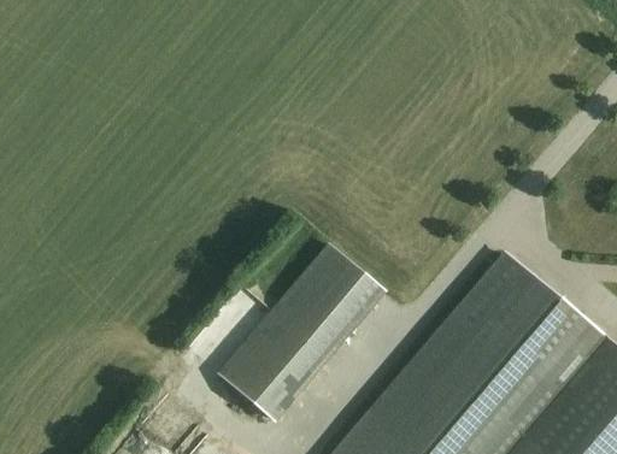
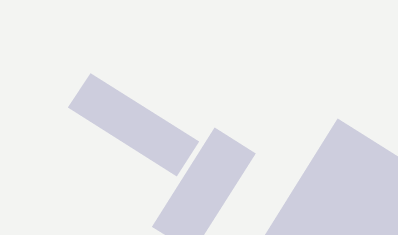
building: none -> [67,72,200,177]

